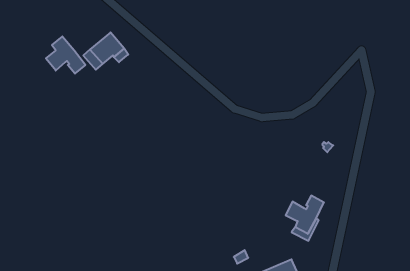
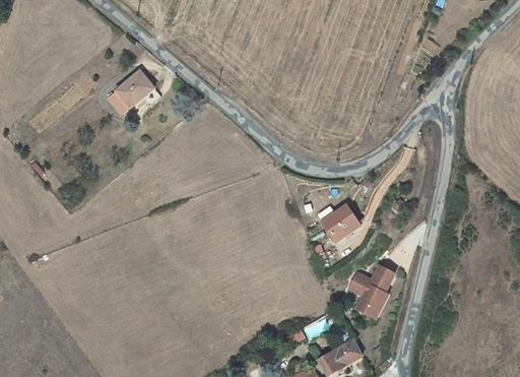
building: [46,36,85,74] -> none
building: none -> [321,203,360,243]

